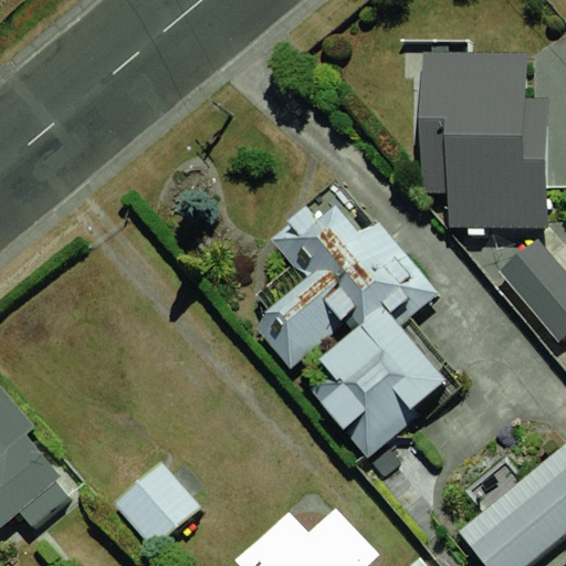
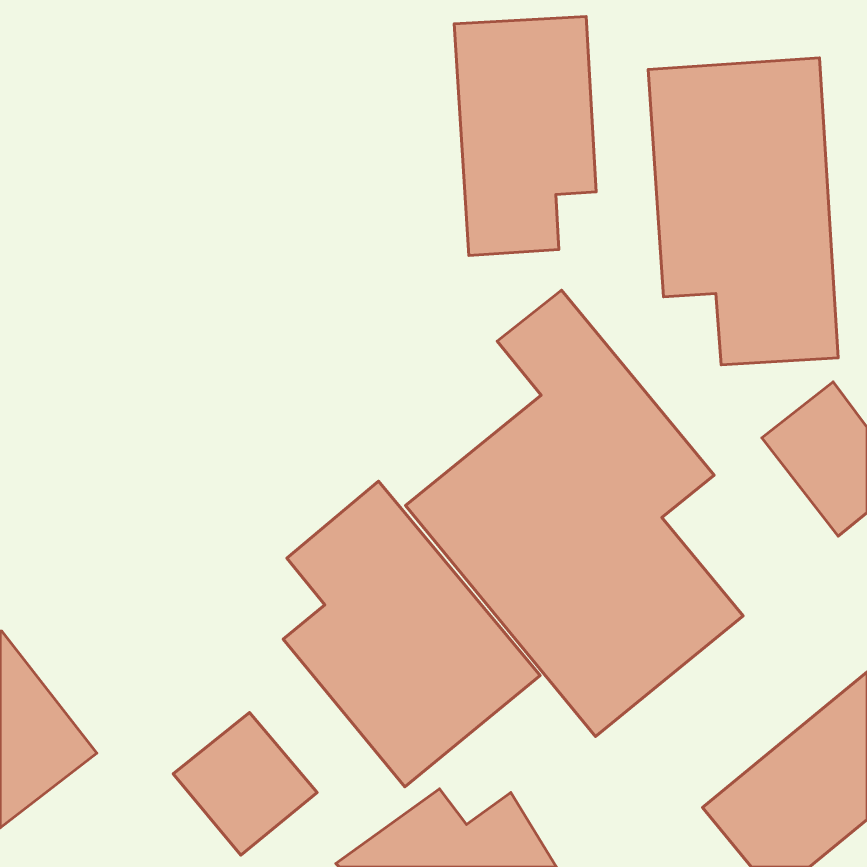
building: none -> [454,17,596,255]
building: none -> [283,481,540,787]

